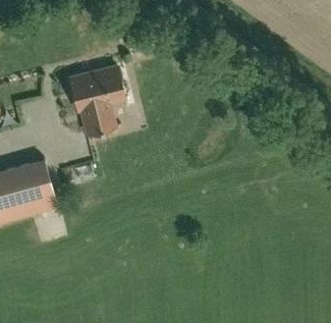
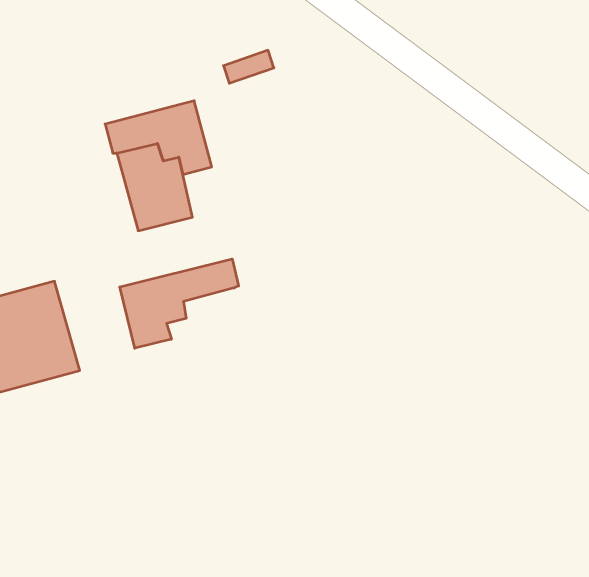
building: none -> [120,259,239,348]

